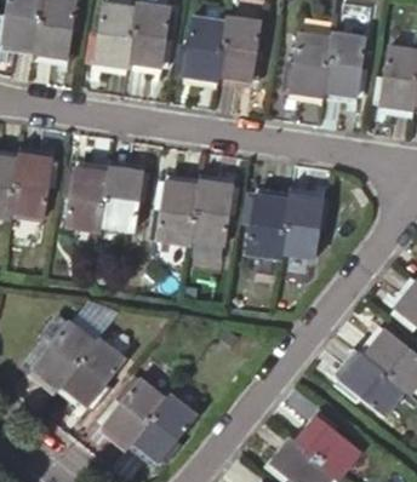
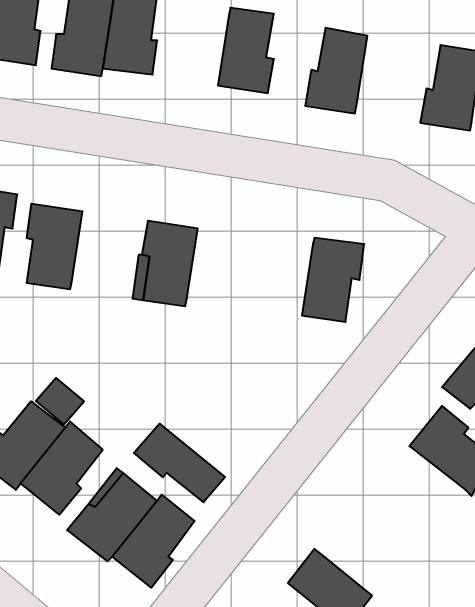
building: [175,15,223,81] -> none
building: [322,30,366,98] -> none
building: [101,167,148,233] -> none
building: [190,180,239,246] -> none
building: [246,194,289,260] -> none
building: none -> [134,424,225,502]
building: [335,351,407,417] -> none
building: [295,414,361,476] -> none

